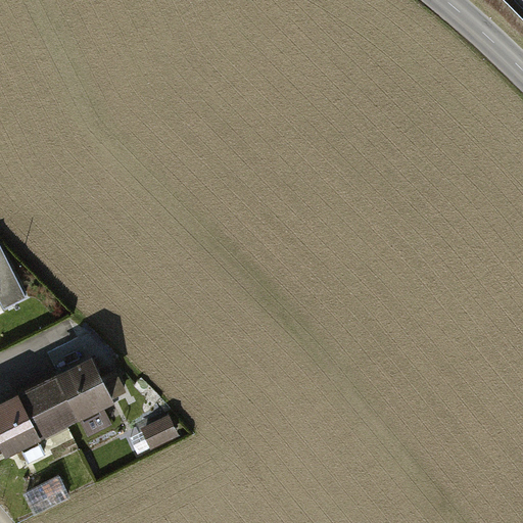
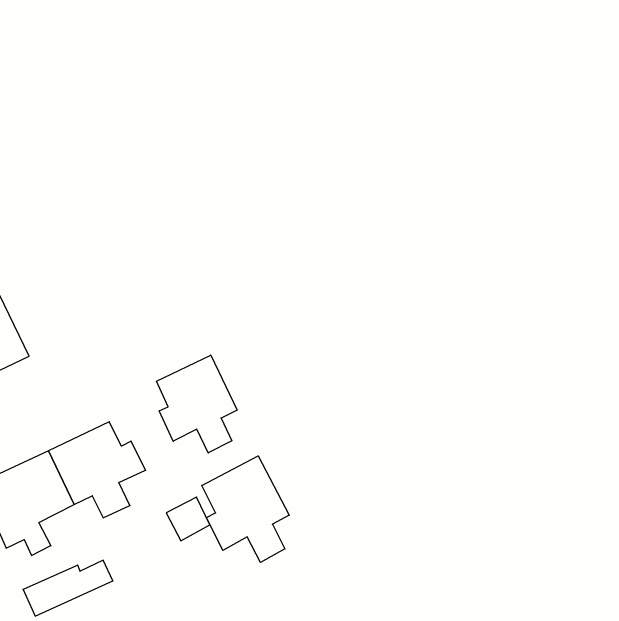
building: none -> [156,355,237,453]
building: none -> [202,456,289,562]

